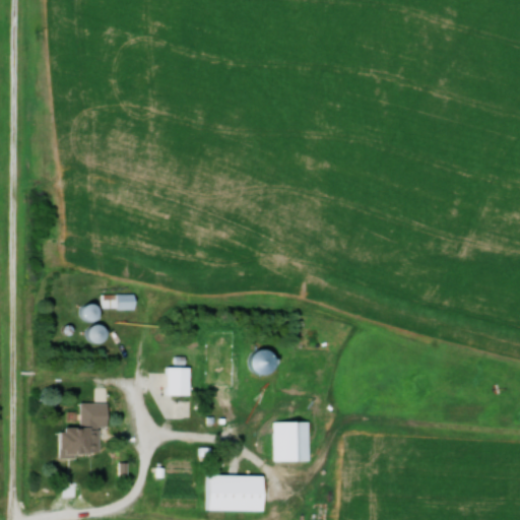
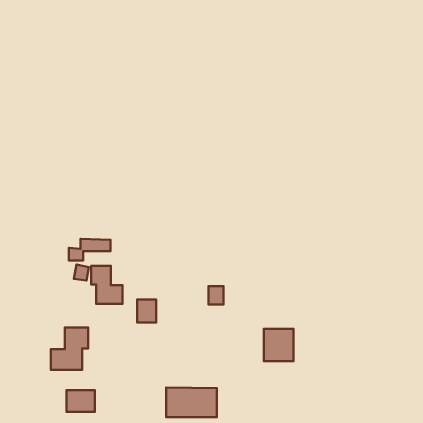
building: none -> [91,266,123,304]
building: [272,422,309,462] -> [264,329,294,361]
building: none -> [67,390,95,412]

